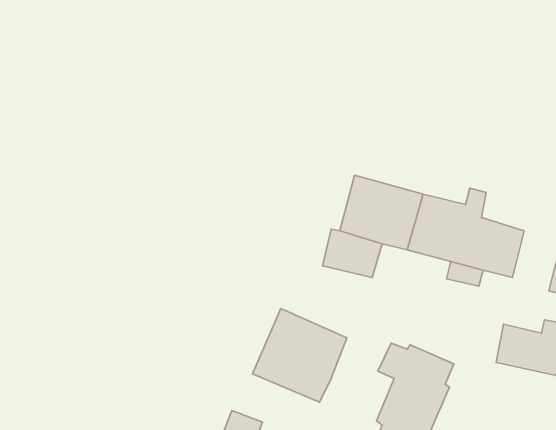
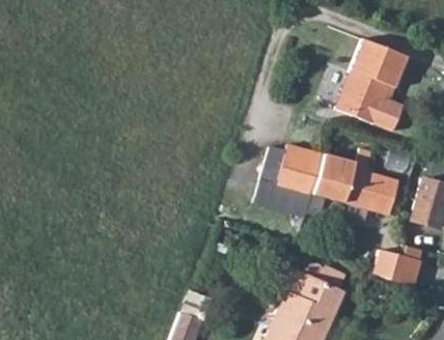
building: none -> [336,41,409,125]
building: [253,308,347,402] -> none

